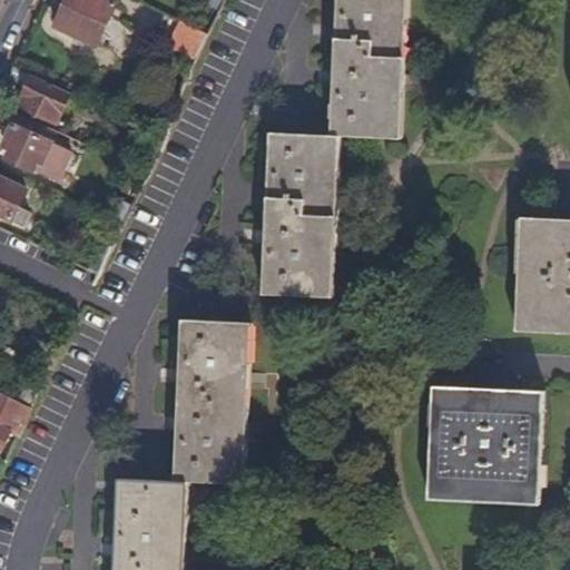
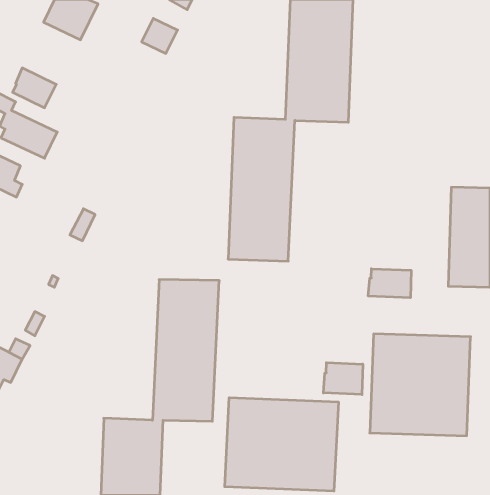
building: none -> [368,269,411,298]
building: none -> [323,363,363,395]
building: none -> [225,398,338,491]

